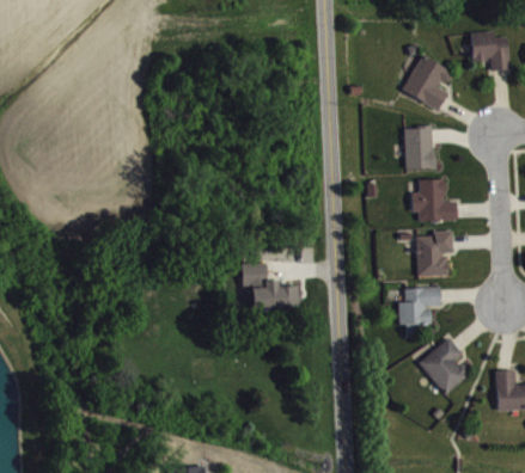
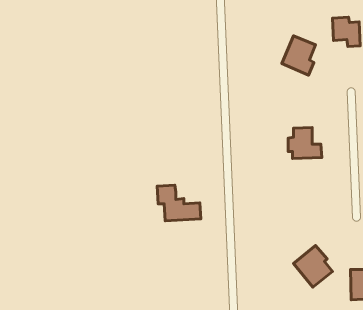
building: [404,127,434,170] -> none
building: [416,231,452,276] -> none
building: [397,288,440,336] -> none

